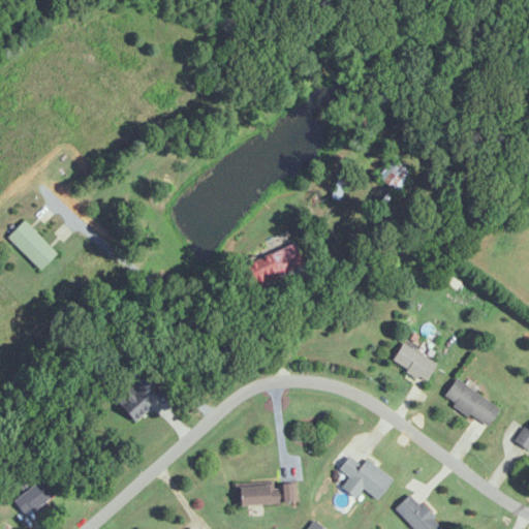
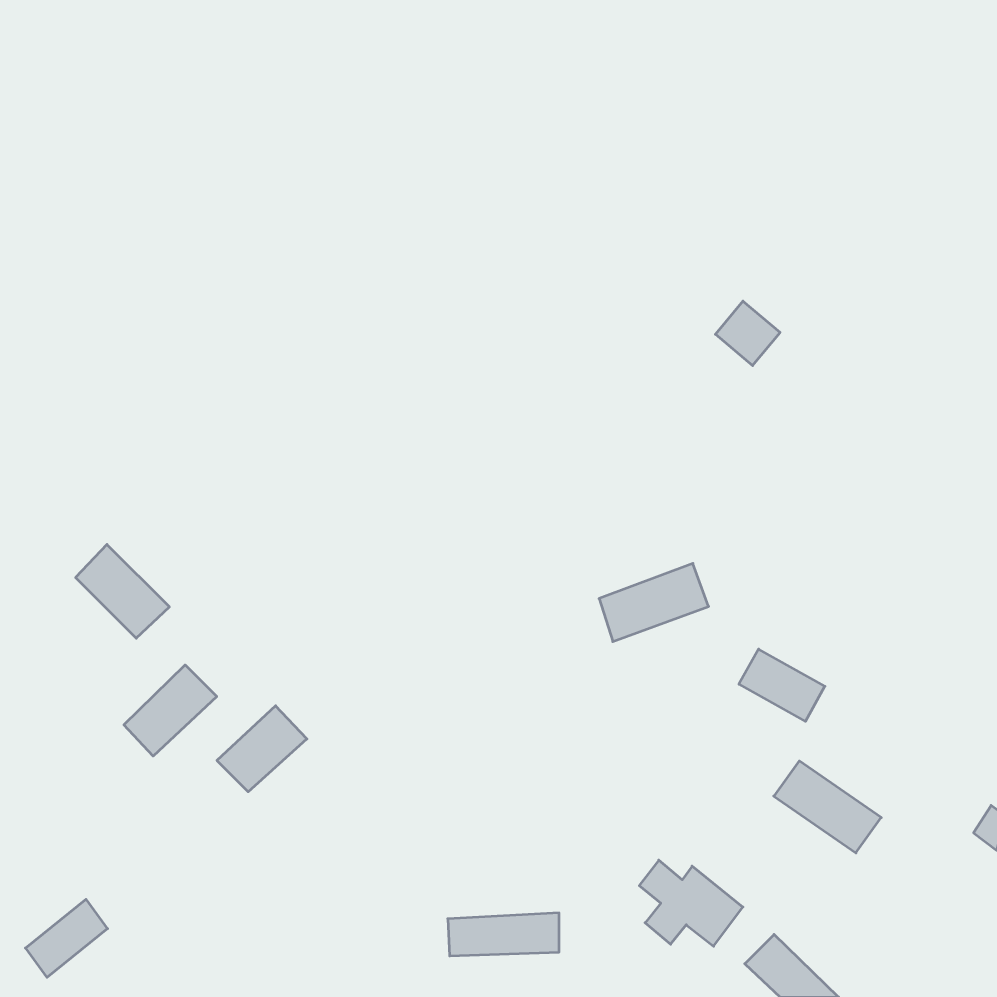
building: [7,220,57,270] -> [76,544,169,638]
building: [247,245,305,286] -> [599,563,709,642]
building: none -> [124,665,217,756]
building: [443,378,500,427] -> [774,761,881,853]

